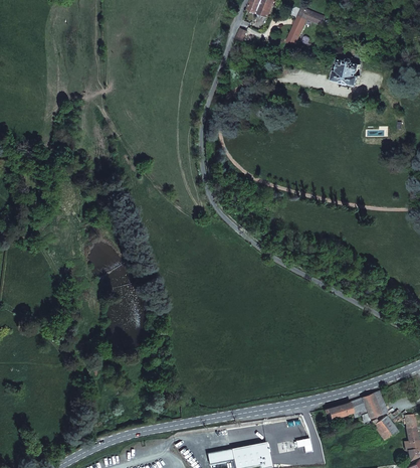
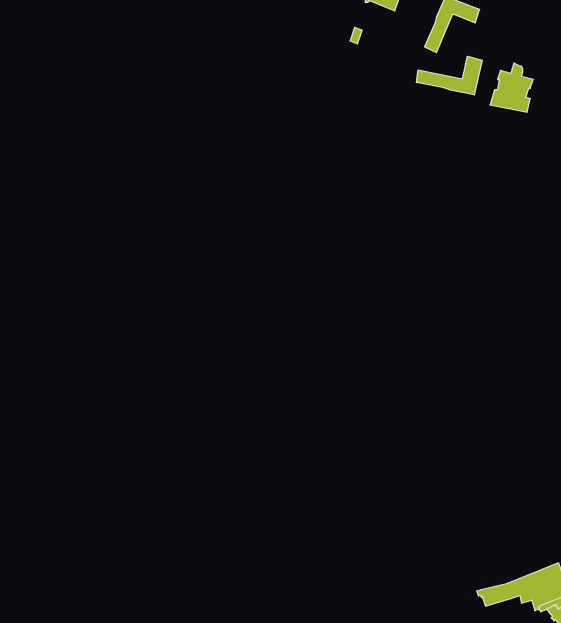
building: none -> [417,56,482,95]

